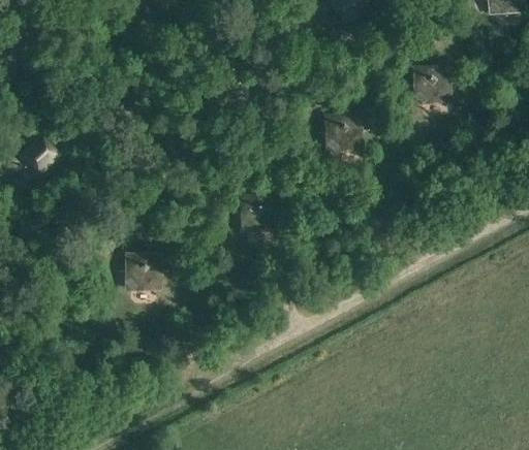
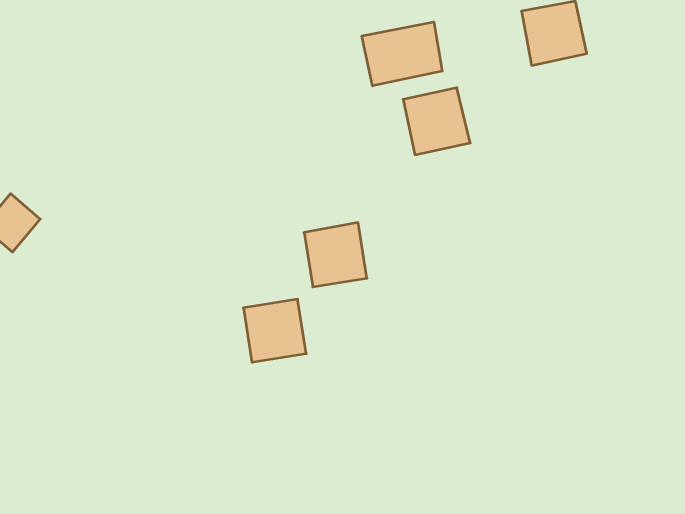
building: none -> [362,22,442,86]
building: [125,255,163,293] -> [243,299,306,362]

